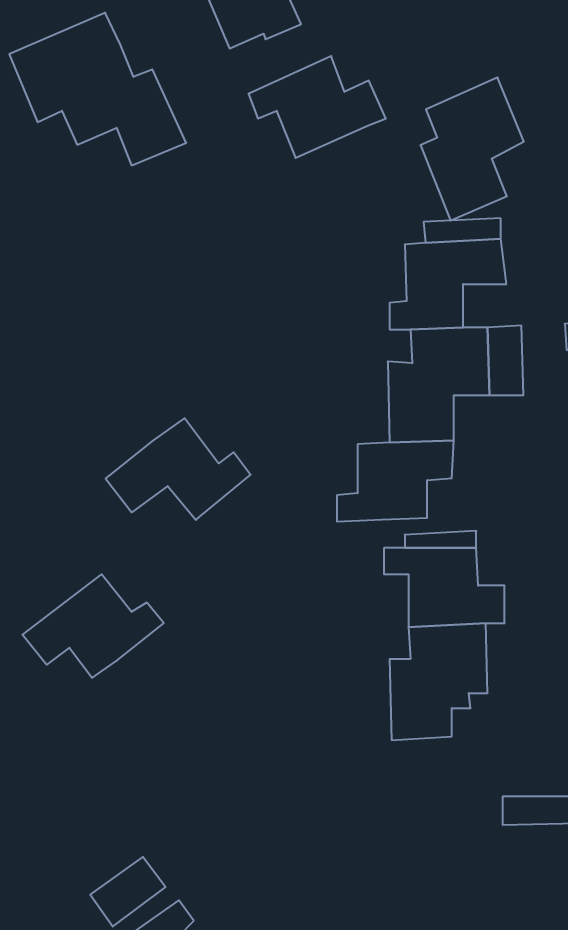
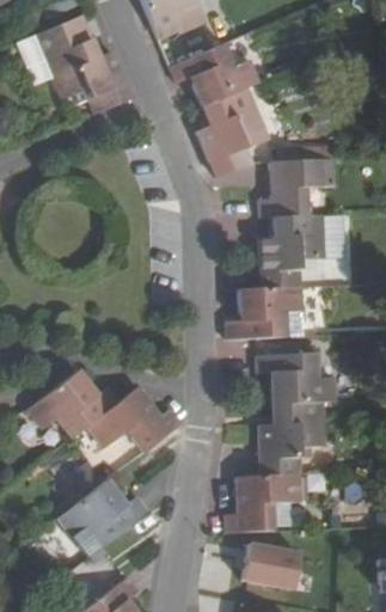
building: [420,77,524,221] -> [197,87,263,178]
building: [106,418,251,520] -> [87,388,179,453]
building: none -> [226,475,300,533]
building: none -> [59,482,147,557]
building: none -> [243,544,301,590]

